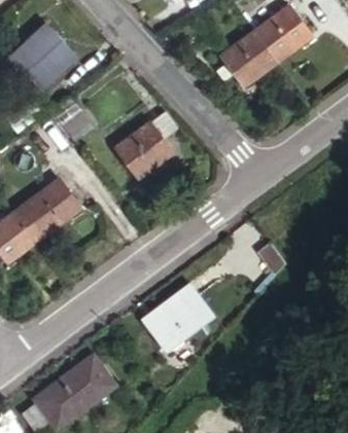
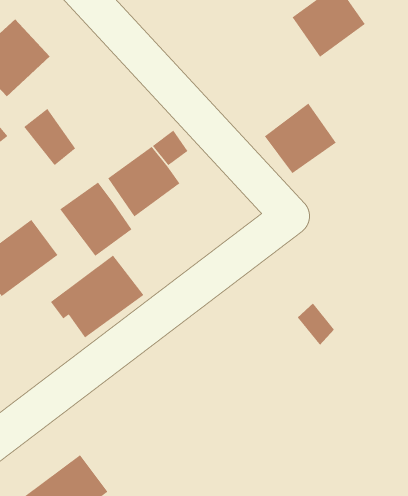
building: [221,27,277,81] -> [264,102,337,174]
building: none -> [59,181,132,257]
building: [140,287,212,351] -> [50,255,144,338]

